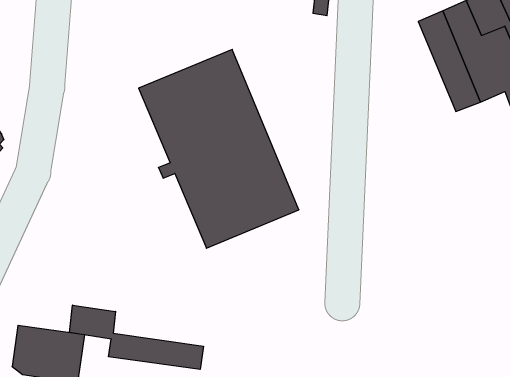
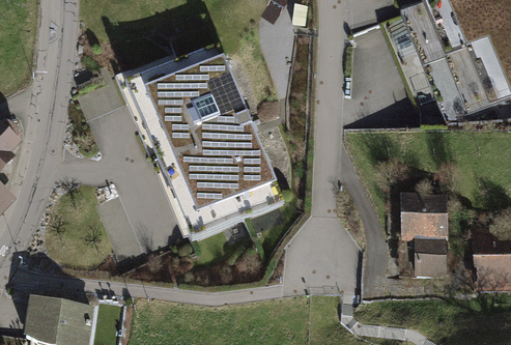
building: none -> [405,194,447,271]
building: [70,305,203,369] -> none

